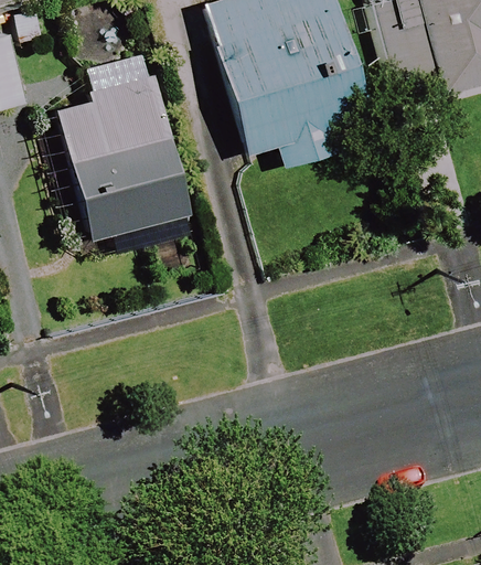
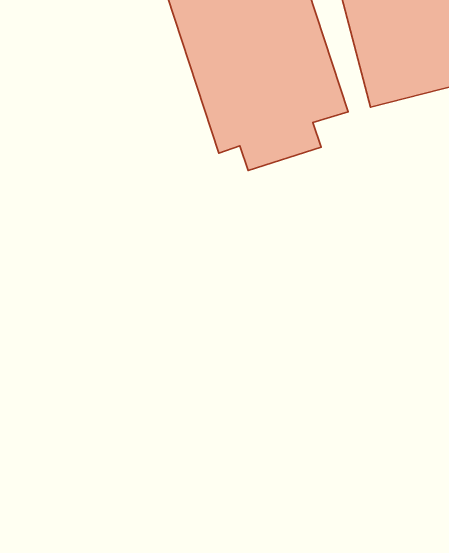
building: [62,58,185,238] -> none

